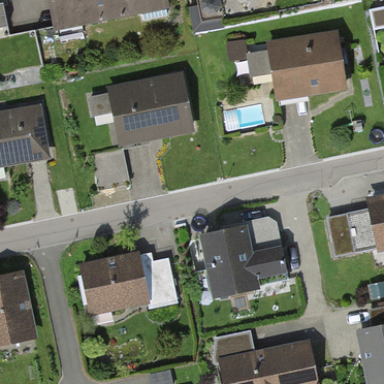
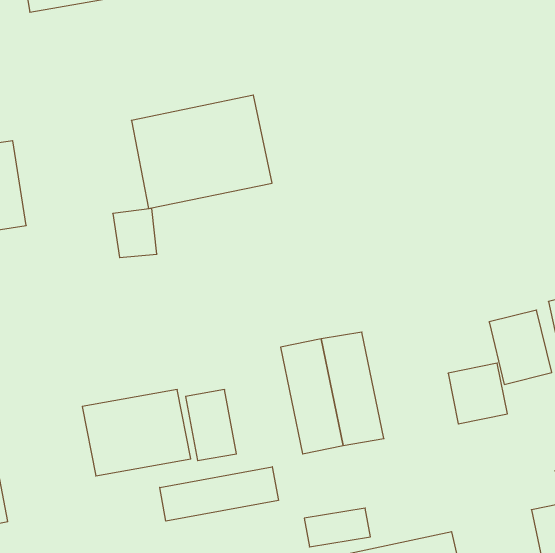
building: [232,29,350,106] -> none
building: [256,241,292,278] -> [448,363,507,424]
building: none -> [160,467,278,521]

